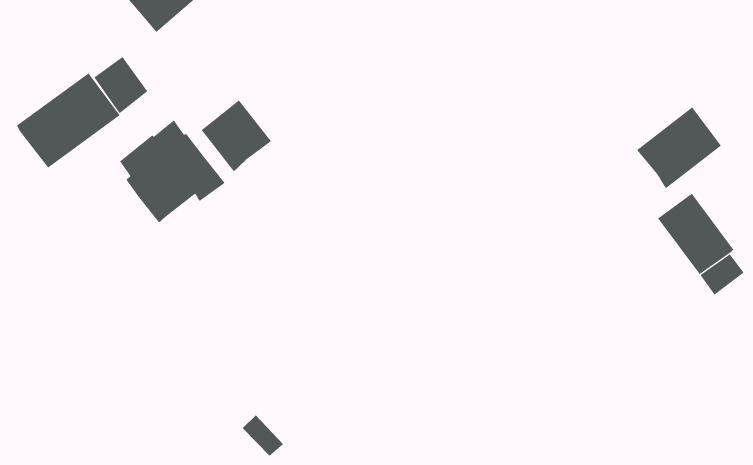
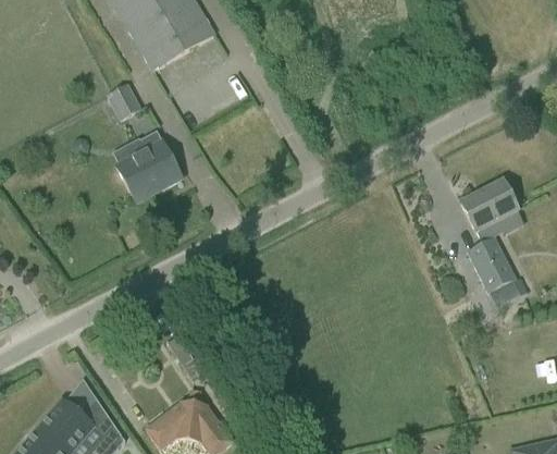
building: [16,73,120,168] -> none
building: [201,99,272,172] -> none

